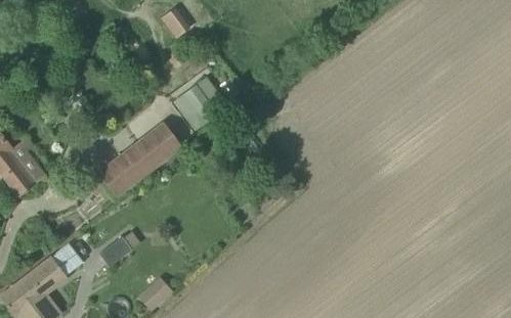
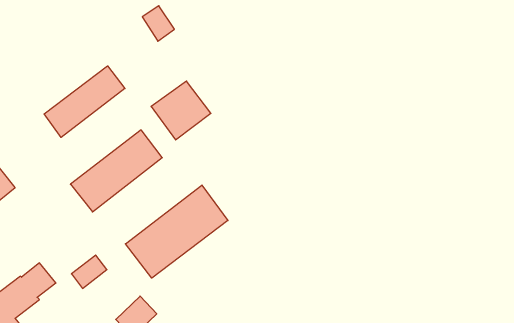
building: none -> [44,66,125,137]
building: none -> [125,185,228,278]

